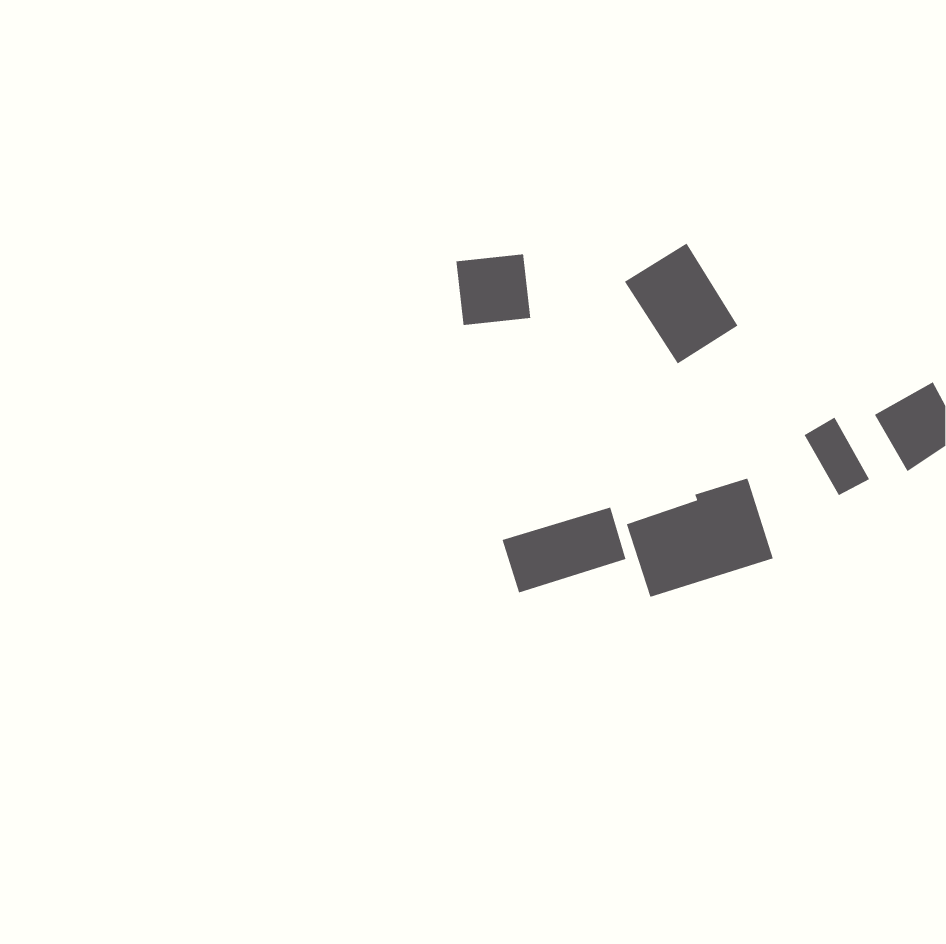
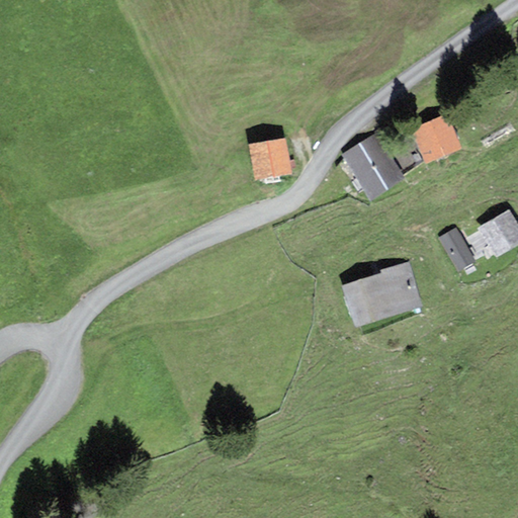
building: none -> [411,114,461,164]
building: [501,506,627,593] -> none

